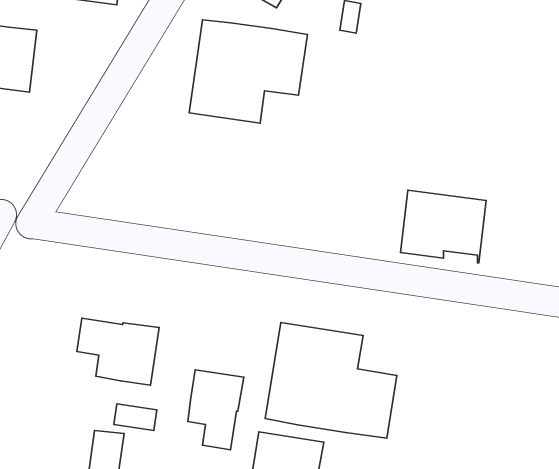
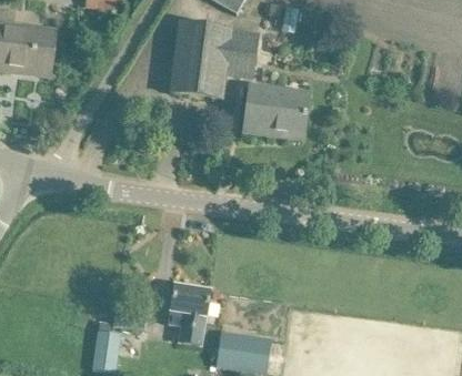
building: [401,190,486,263] -> [243,84,308,139]
building: [77,318,159,385] -> none
building: [265,322,397,438] -> none

